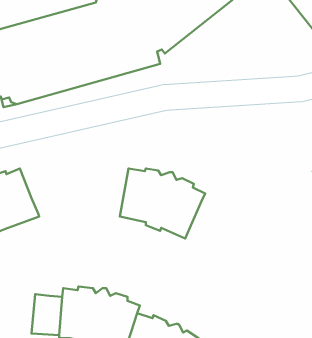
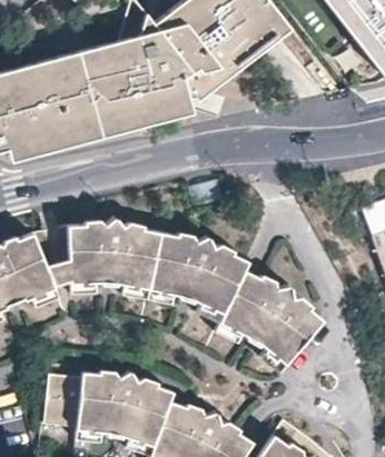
building: none -> [47,218,159,289]
building: none -> [221,271,322,365]

